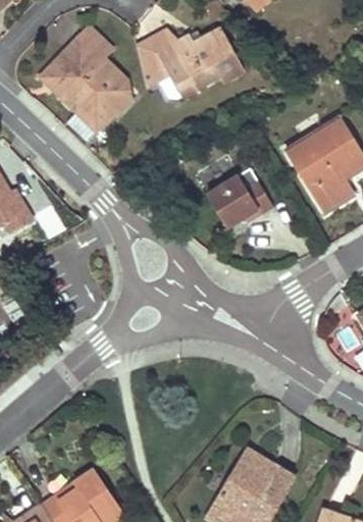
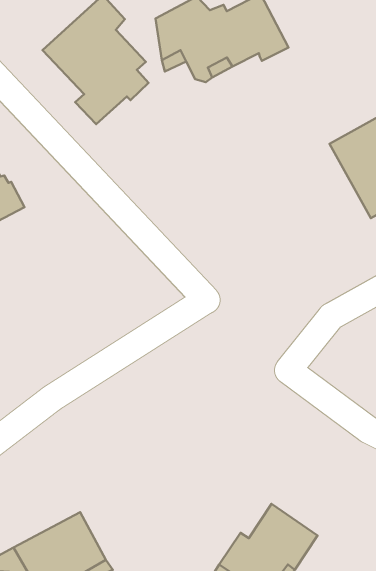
building: [206,175,270,225] -> none

